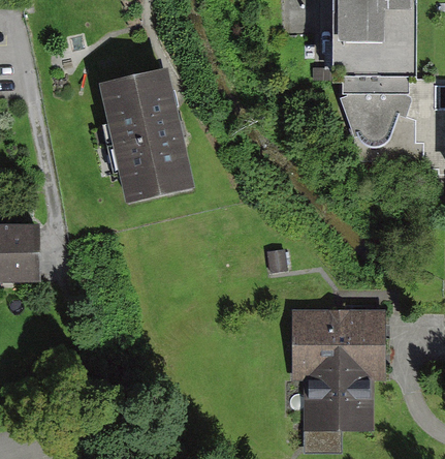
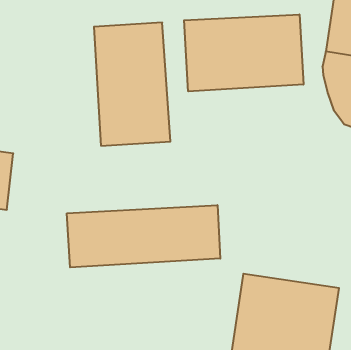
building: none -> [184,14,303,91]
building: none -> [67,205,220,267]

